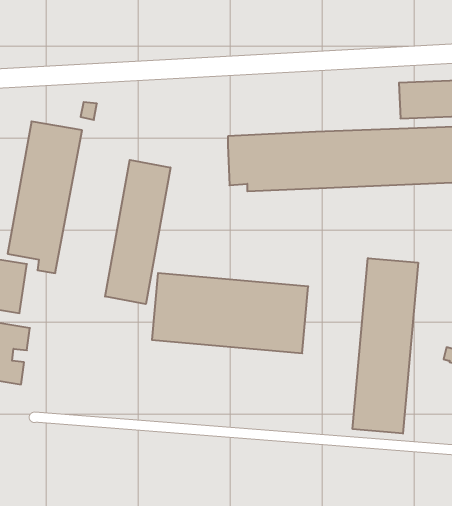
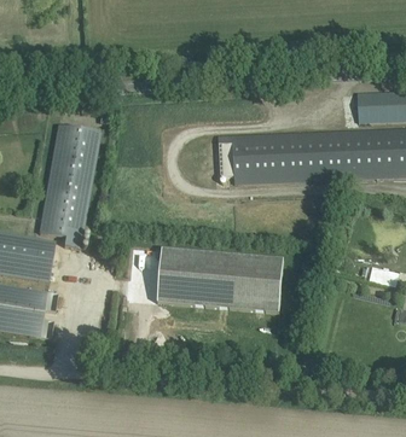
building: [105,160,170,304] -> none
building: [353,258,418,434] -> none

